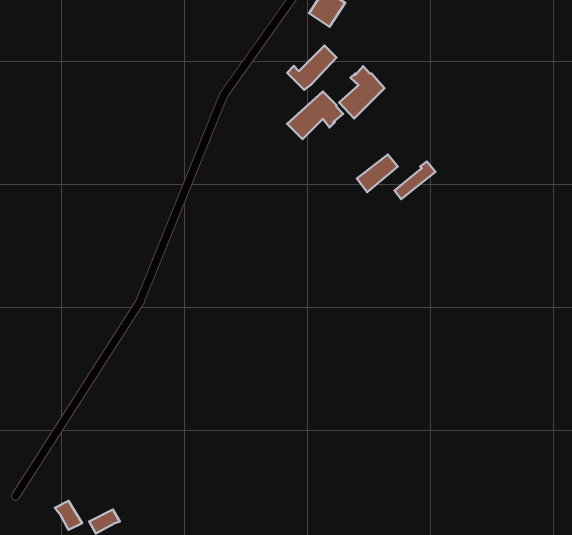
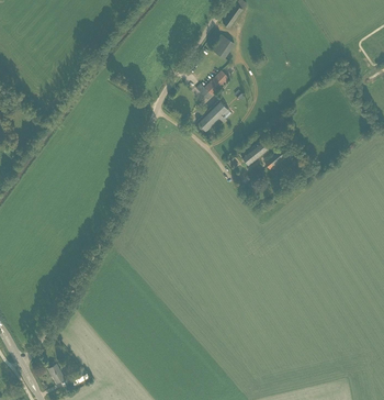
building: [339,66,385,119] -> none

